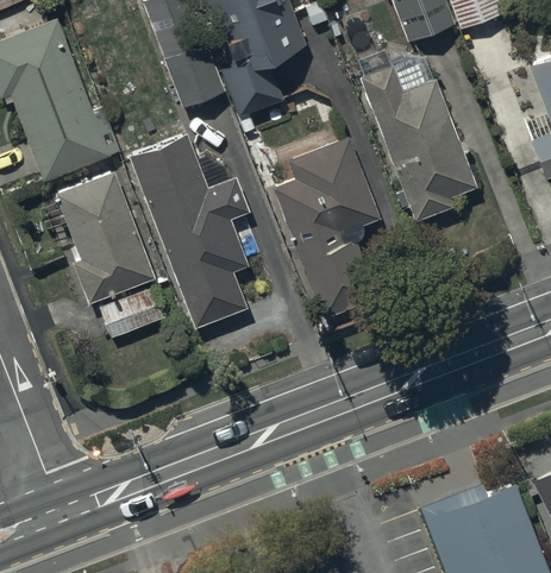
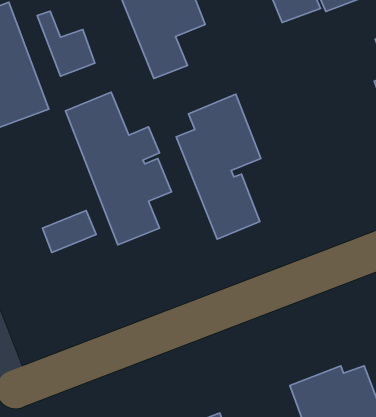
building: [151,20,225,103] -> [37,11,95,76]
building: [359,64,477,223] -> none
building: [56,170,156,303] -> none

